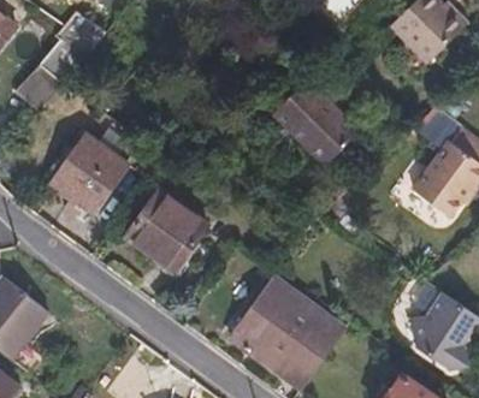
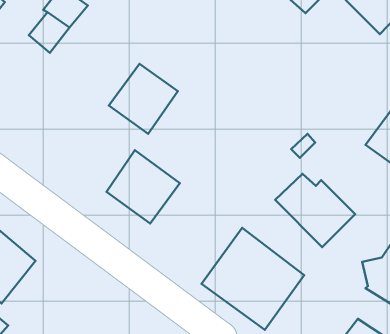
building: [17,65,64,112] -> none
building: [274,82,362,162] -> [275,174,355,247]
building: [51,136,126,213] -> [109,64,178,134]

